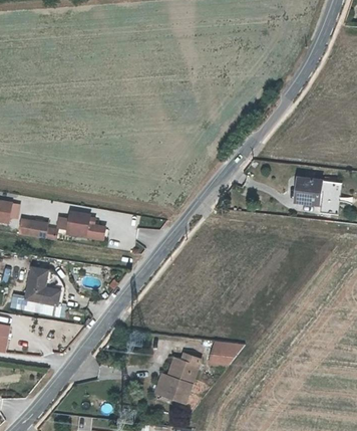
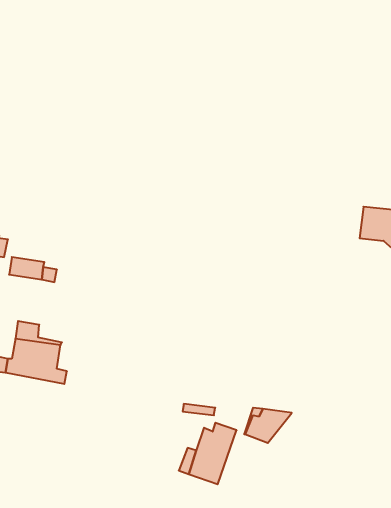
building: [68,216,105,242] -> none

